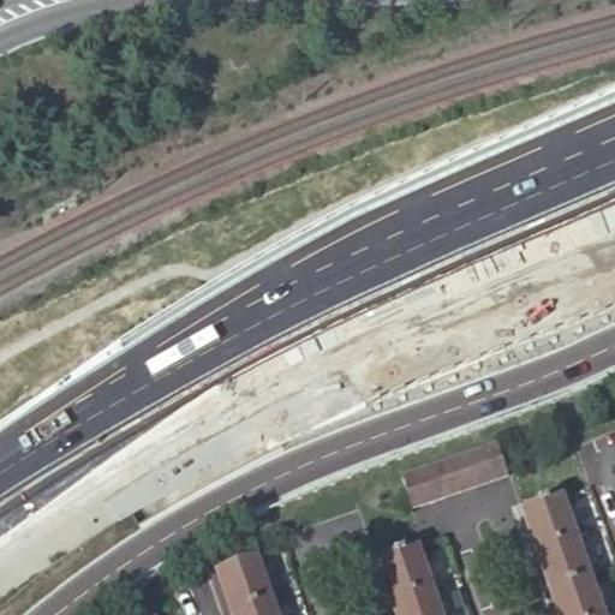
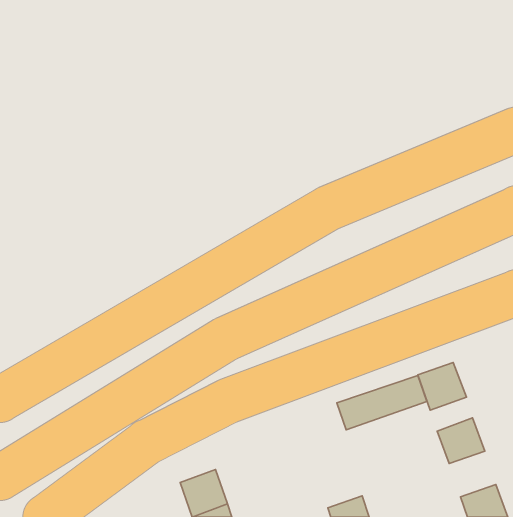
building: none -> [418,362,467,410]
building: [538,536,593,590] -> none
building: [380,549,435,603] -> none

